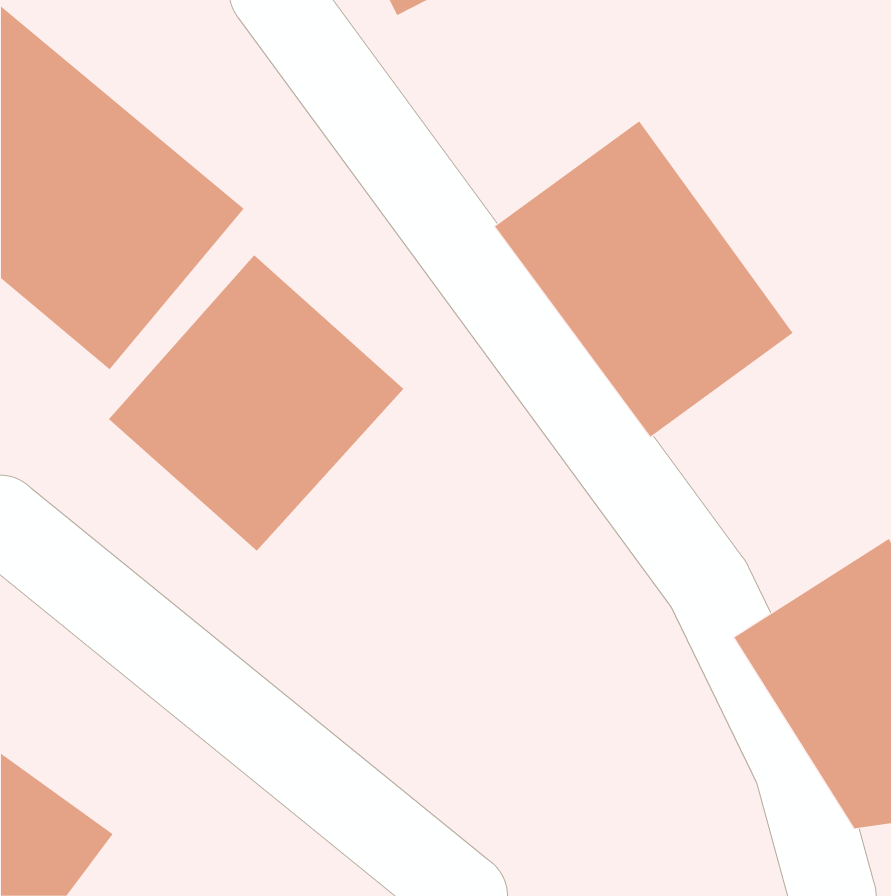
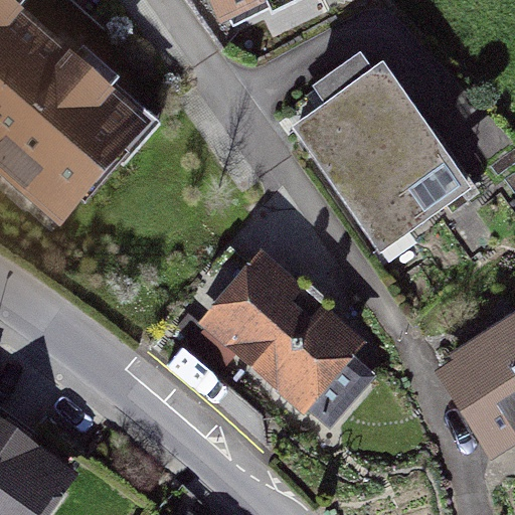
building: [108,254,404,551] -> none
building: none -> [216,261,370,410]

